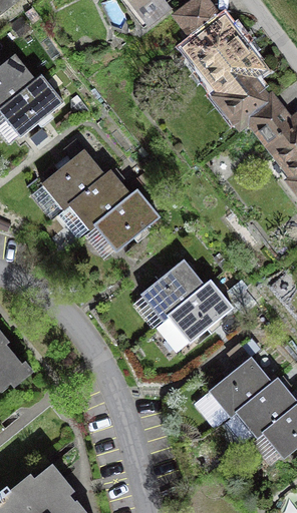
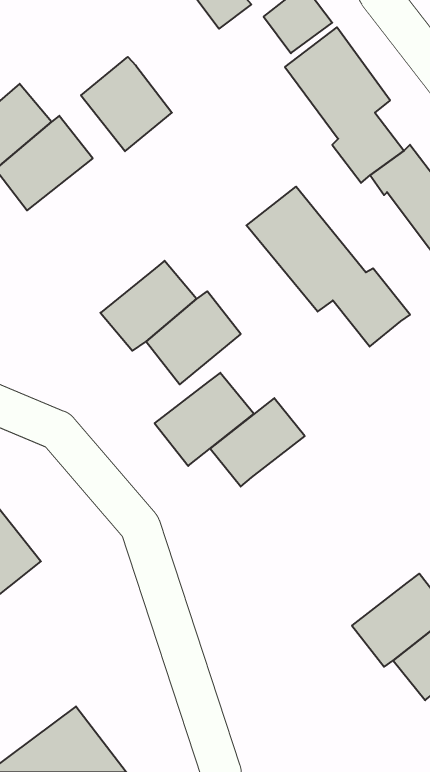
building: none -> [81,57,172,151]
building: none -> [246,187,410,347]
building: [40,151,104,211] -> none
building: [168,281,233,342] -> [155,373,254,466]
building: [208,358,270,416] -> none

